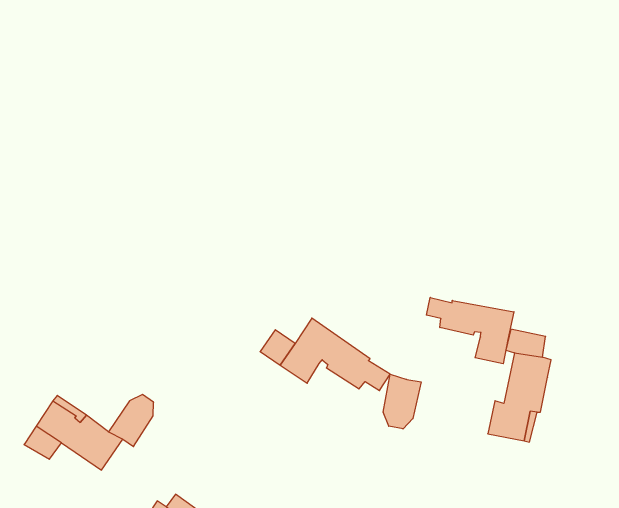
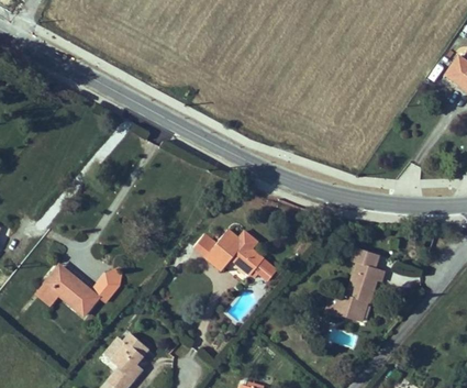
building: [426,297,514,364] -> none
building: [383,374,421,429] -> none

